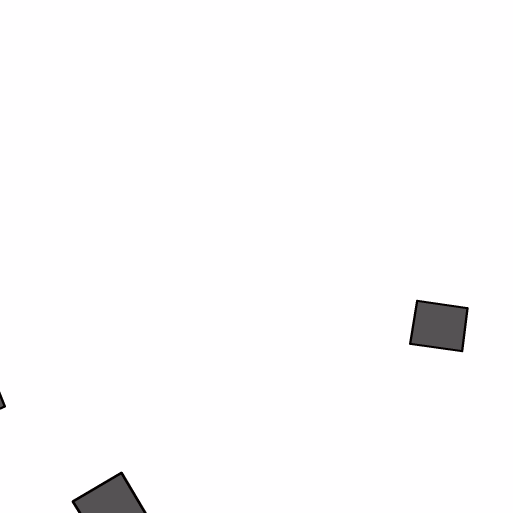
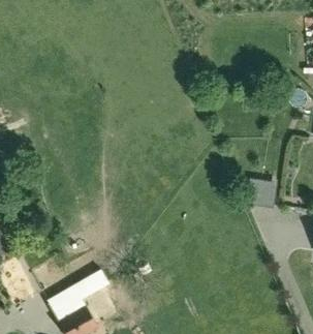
building: none -> [72,267,112,302]

